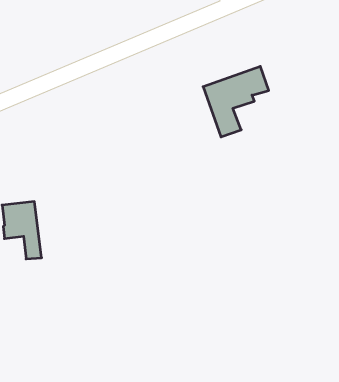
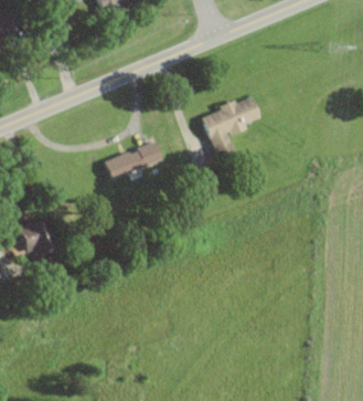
building: none -> [105,141,168,178]

